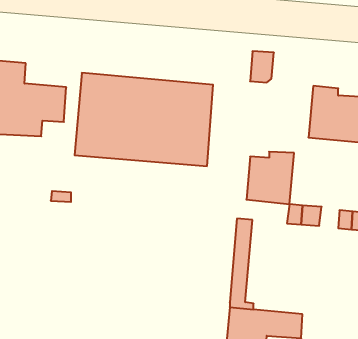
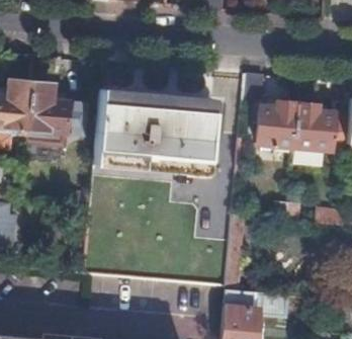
building: [246,152,294,204] -> [256,101,296,146]

